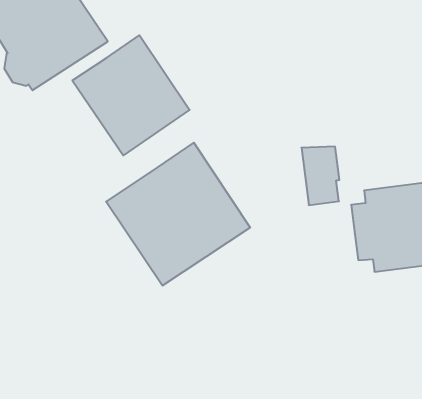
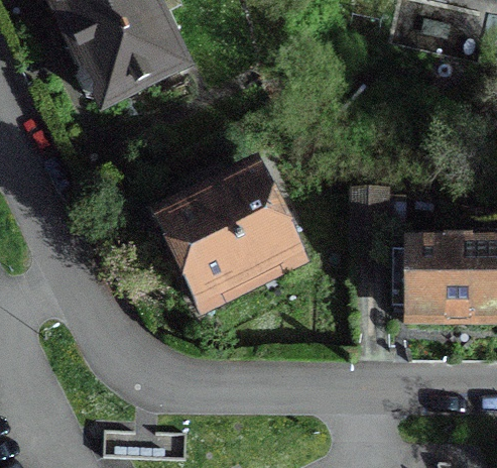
building: [72,35,190,155] -> none

